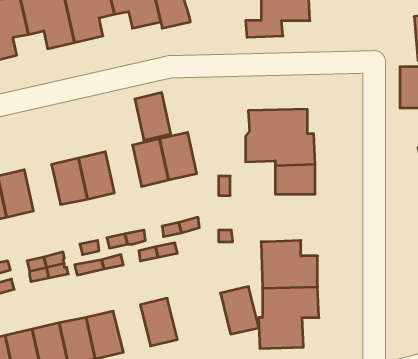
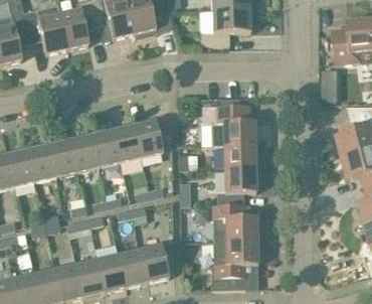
building: [135,93,171,140] -> [90,130,119,167]
building: none -> [27,145,55,181]
building: none -> [216,168,255,205]
building: [220,287,259,334] -> [139,245,169,282]
building: none -> [97,255,126,292]

